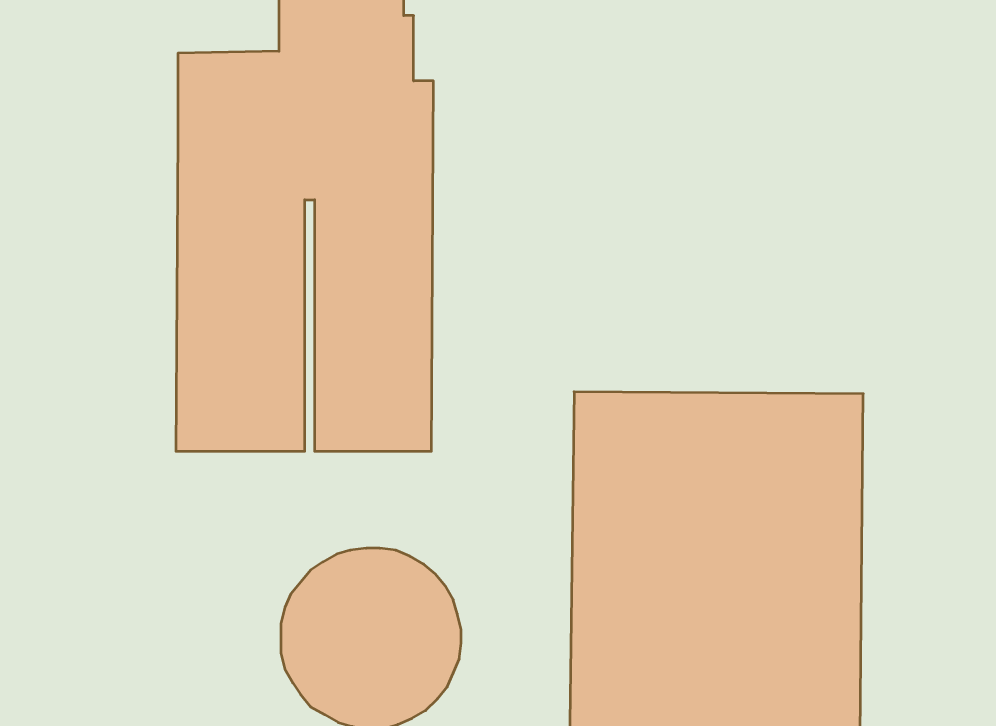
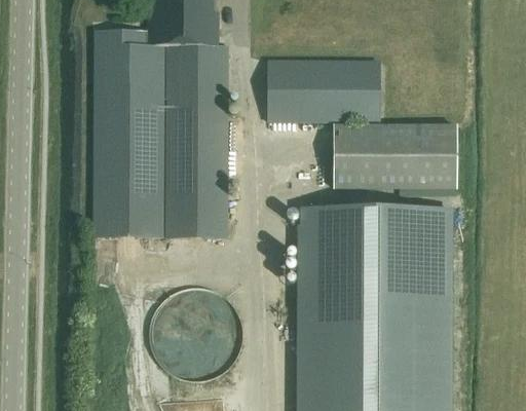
building: none -> [267,60,457,188]

